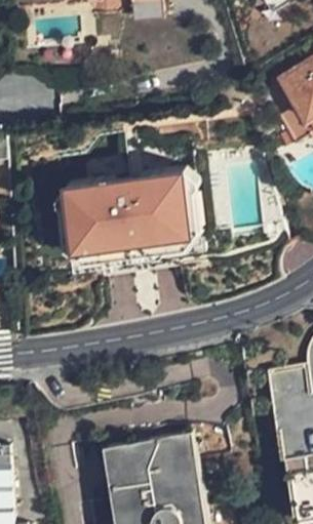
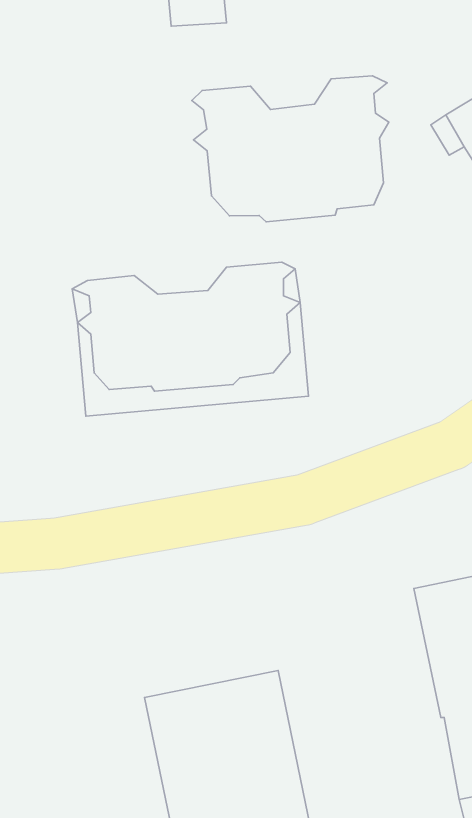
building: none -> [192,76,389,222]

